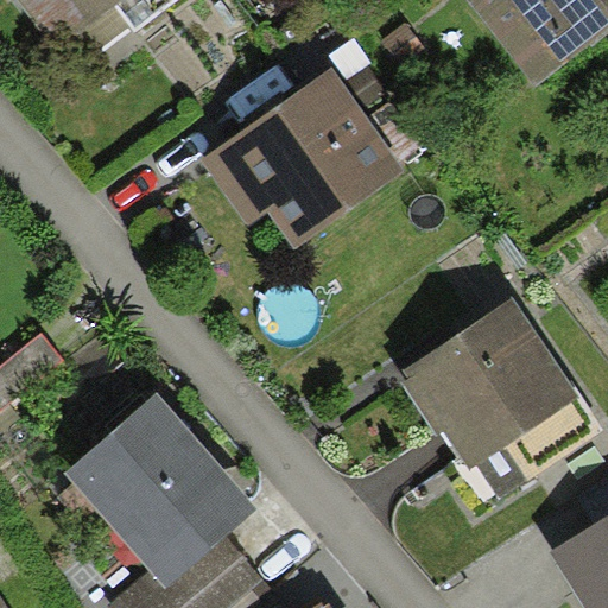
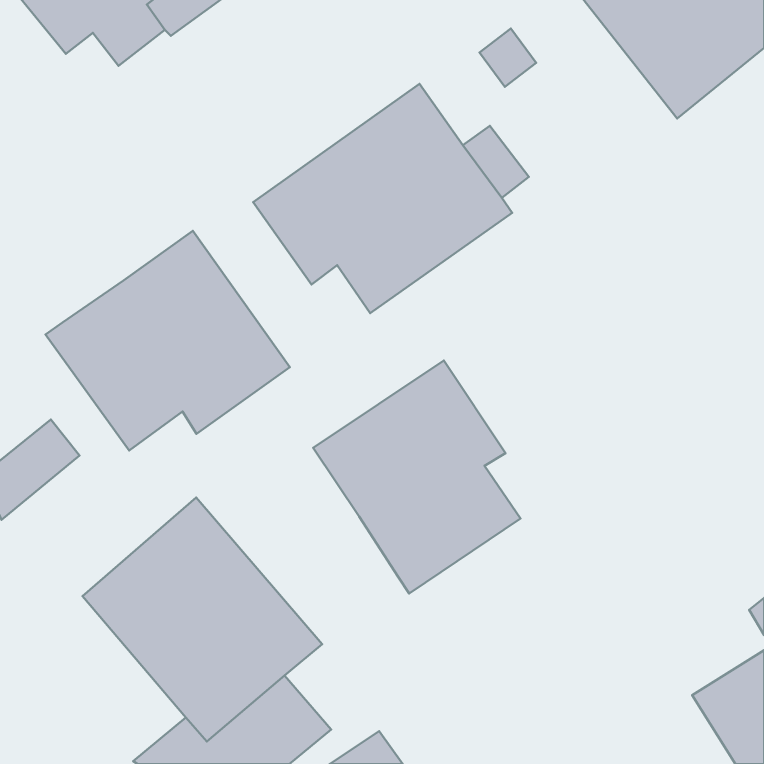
building: none -> [46,231,290,451]
building: none -> [313,361,520,594]
building: [397,297,578,468] -> none

